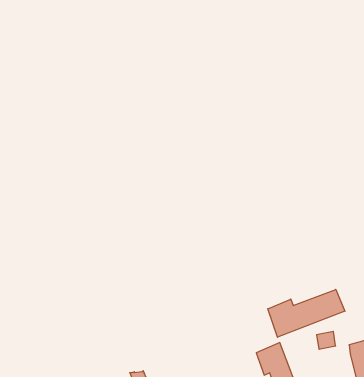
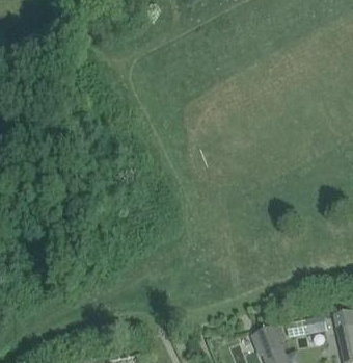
building: [268,289,345,337] -> none

